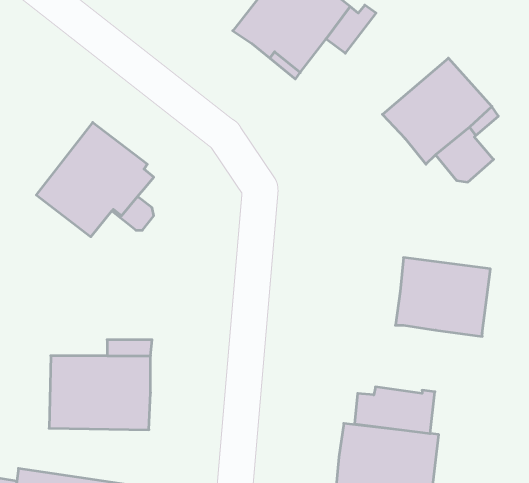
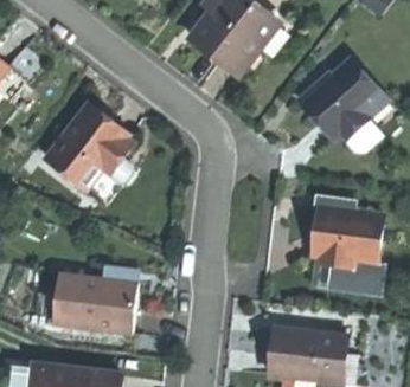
building: [354,387,435,434] -> [325,258,384,292]

